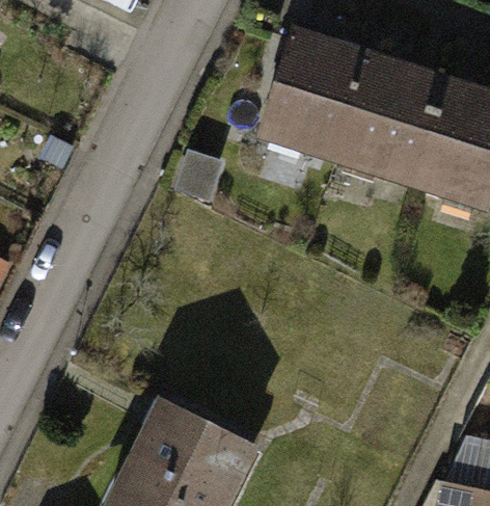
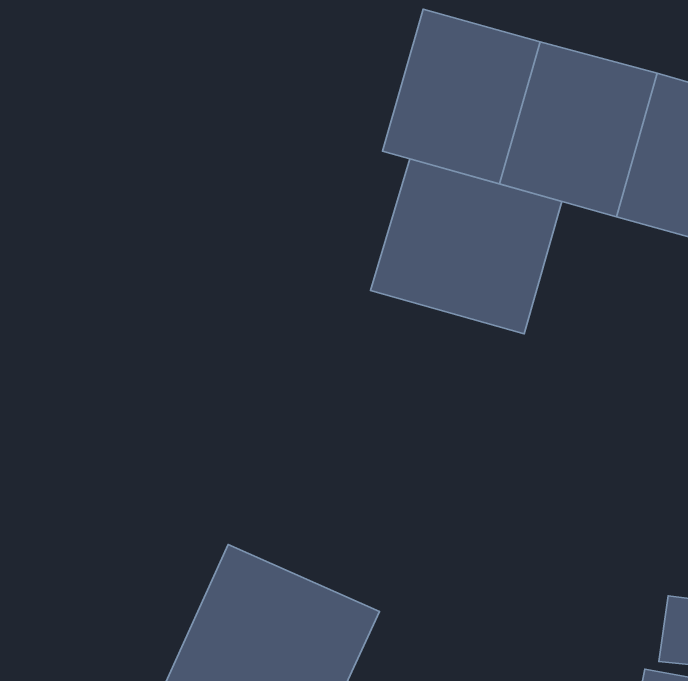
building: none -> [371,159,562,334]

